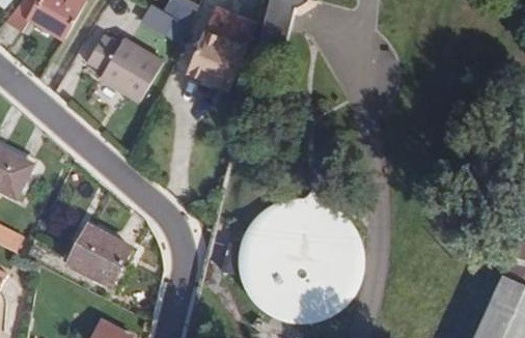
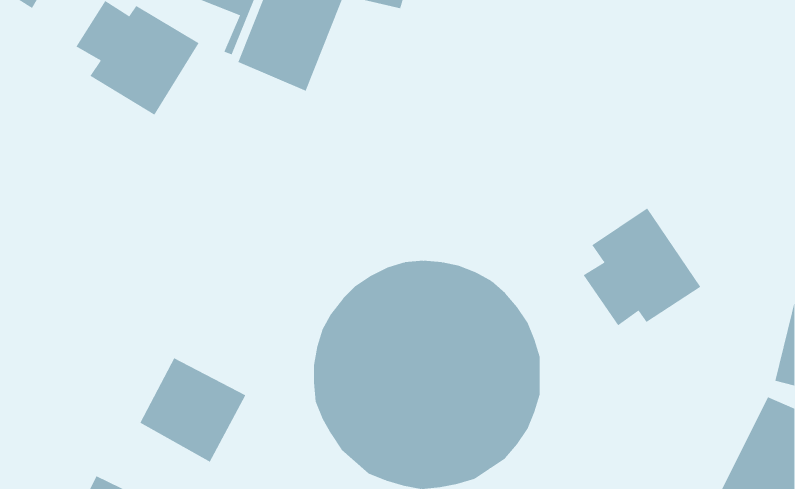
building: none -> [583,208,701,326]
building: [67,225,132,288] -> [140,357,246,462]

